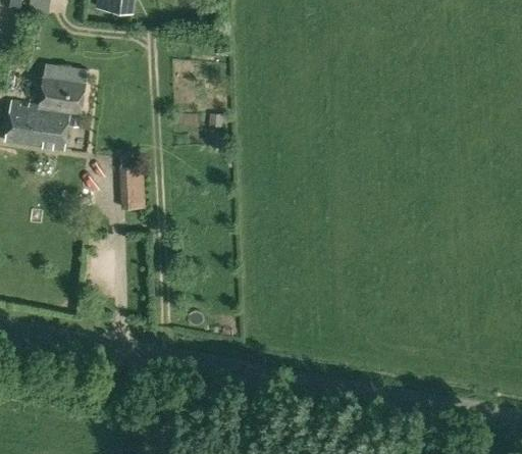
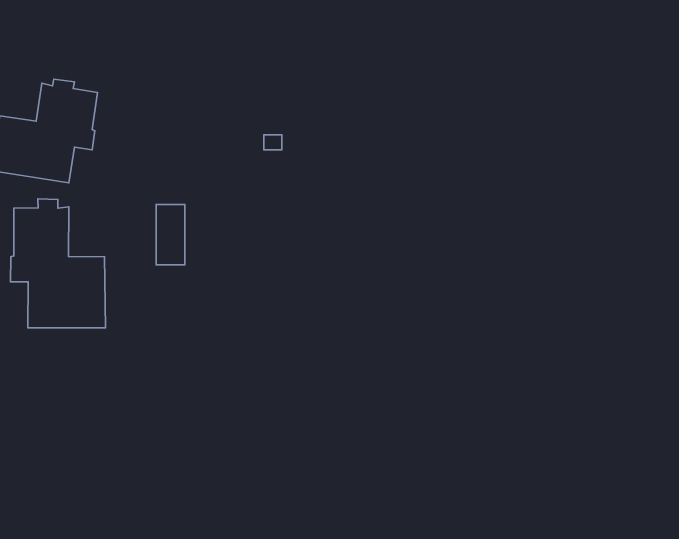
building: none -> [11,199,105,328]

